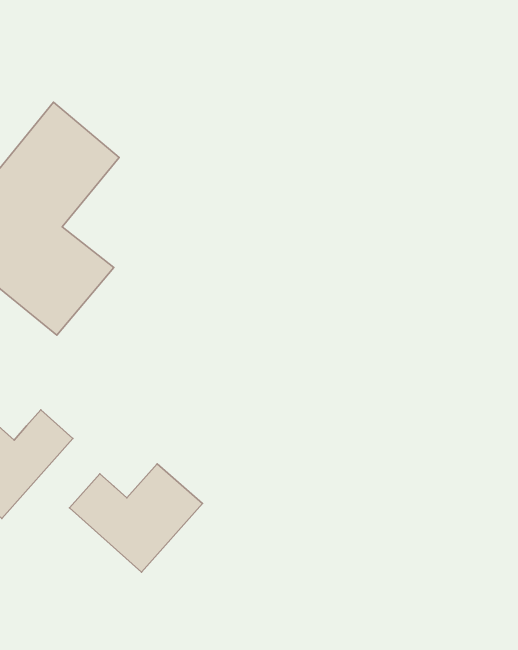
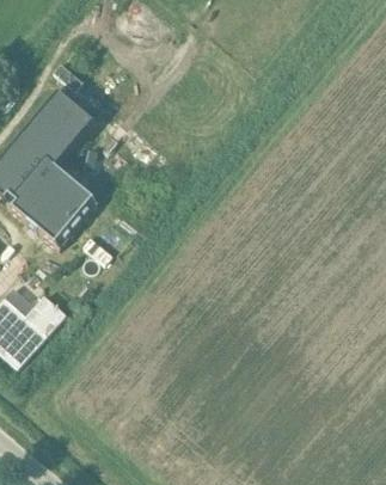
building: [69,464,202,572] -> none

